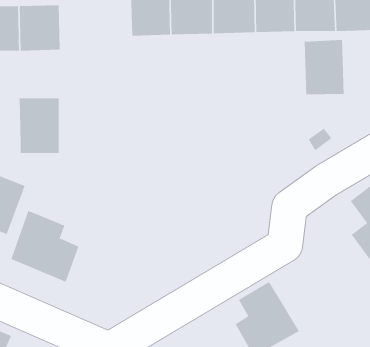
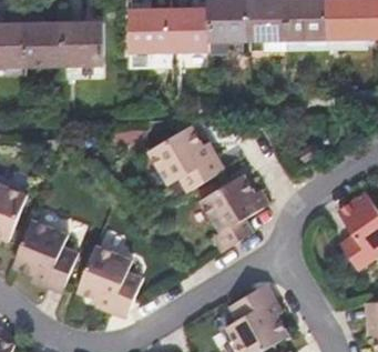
building: [304,39,344,95] -> none
building: [19,98,59,154] -> [61,22,100,76]
building: none -> [146,122,218,189]
building: none -> [198,171,260,250]
building: none -> [76,244,141,311]

